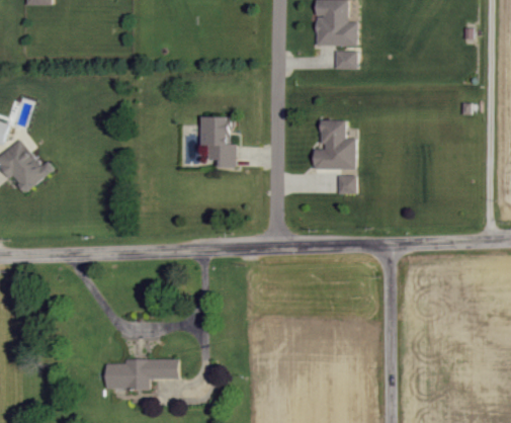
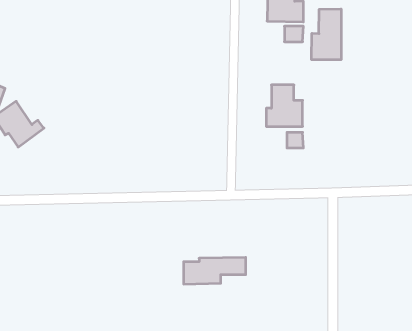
building: none -> [312,9,341,60]
building: [200,115,236,167] -> none
building: [105,358,178,390] -> [184,257,246,284]

